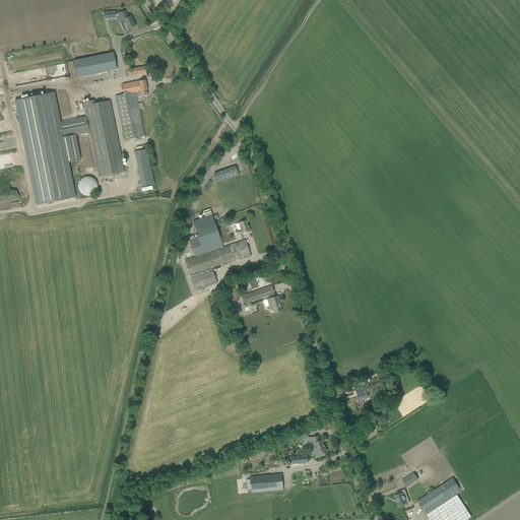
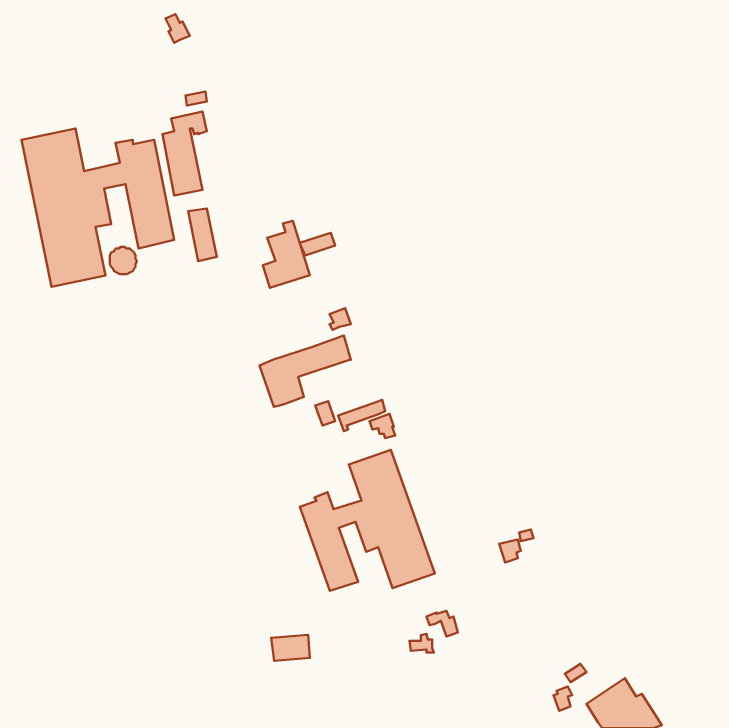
building: [72,52,117,76] -> none
building: [189,208,222,256] -> [263,221,310,288]
building: none -> [300,450,435,591]
building: [250,473,277,492] -> [271,635,310,661]

